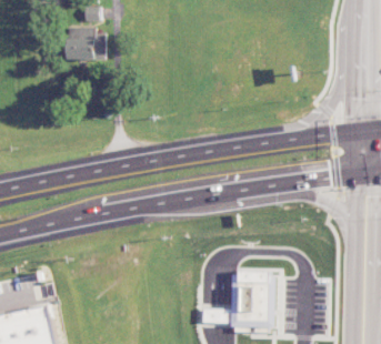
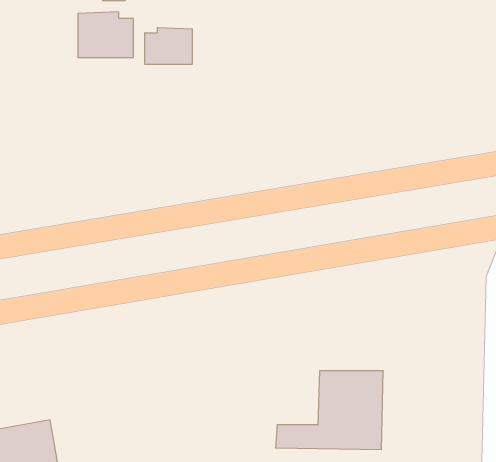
building: none -> [145,27,192,64]

